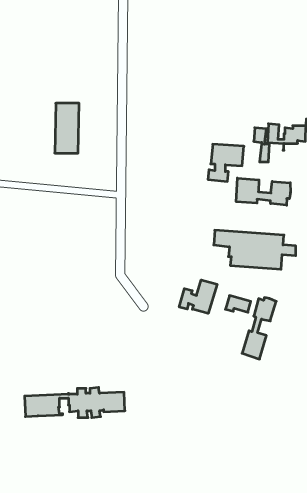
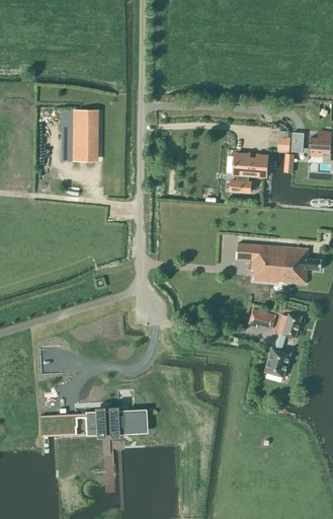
building: [236,178,290,205] -> none
building: [179,280,217,313] -> none

